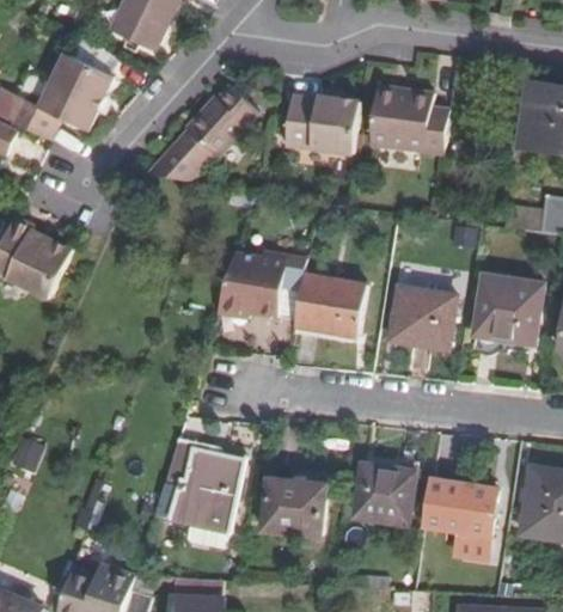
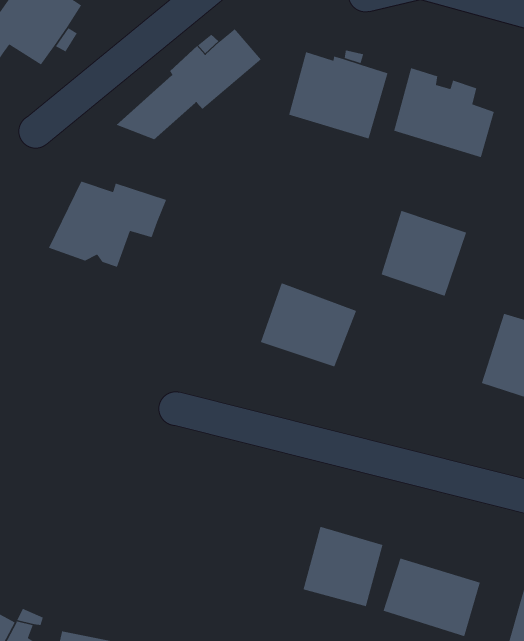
building: [218,250,306,317] -> [48,180,167,268]
building: [391,286,454,349] -> [380,210,467,297]
building: [153,440,243,537] -> none
building: [261,478,323,537] -> none

